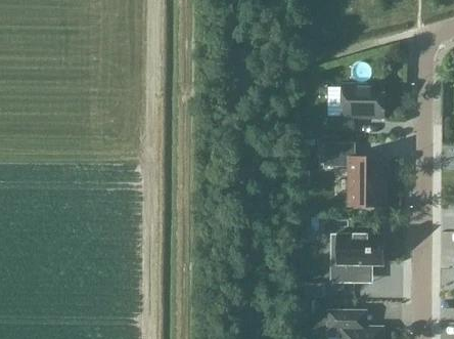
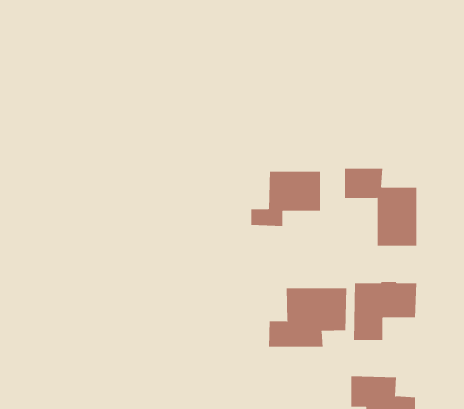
building: [325,85,382,130] -> [250,171,321,226]
building: none -> [269,288,347,347]

